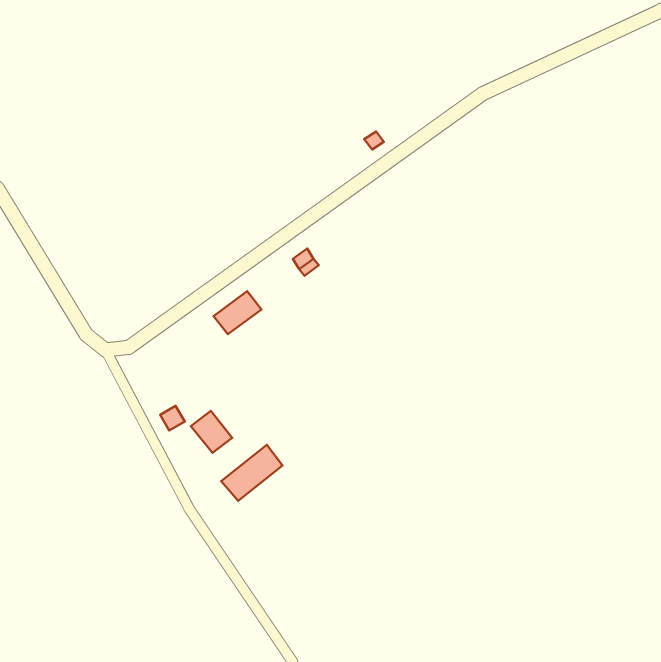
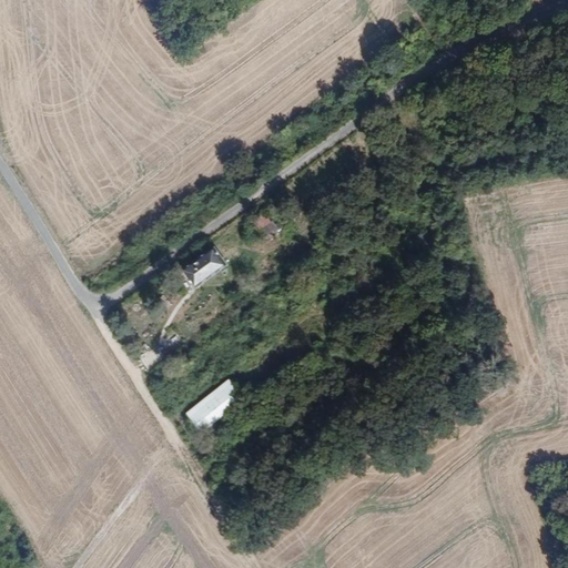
building: [191,411,232,453] -> none

